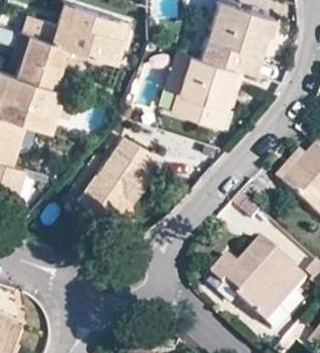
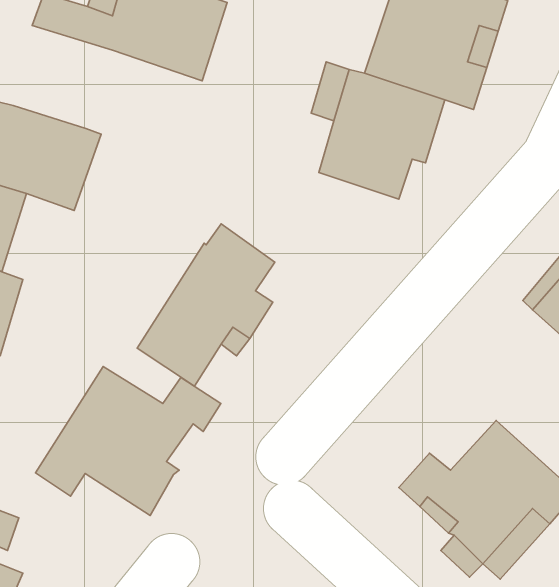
building: [10,27,62,82] -> none
building: none -> [35,366,221,515]

